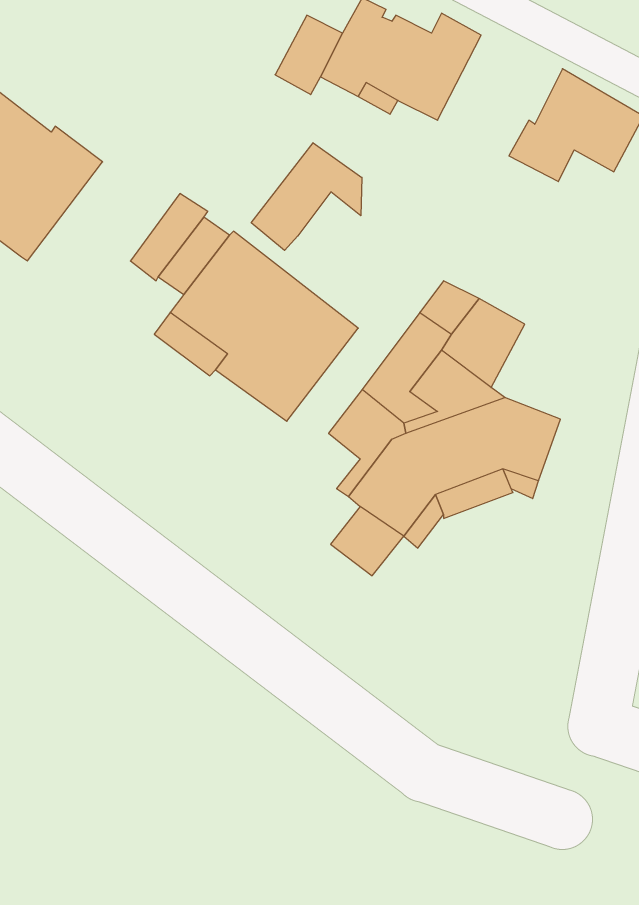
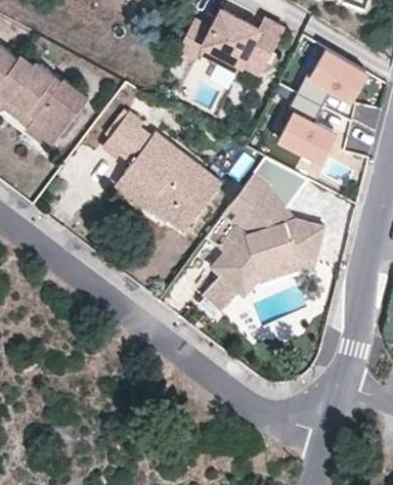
building: [251,143,362,250] -> none
building: none -> [278,94,337,164]

